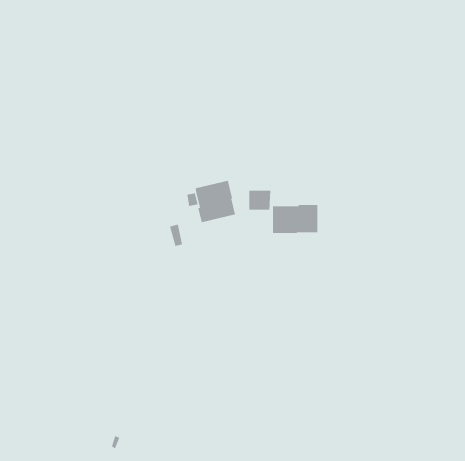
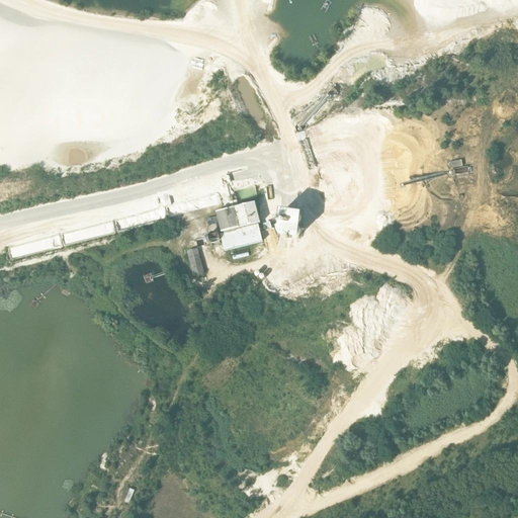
building: [272,204,318,234] -> none

